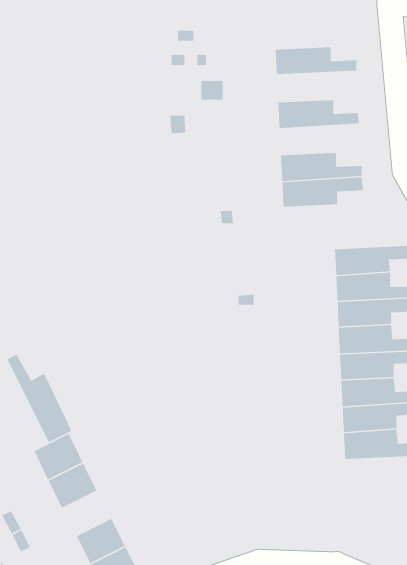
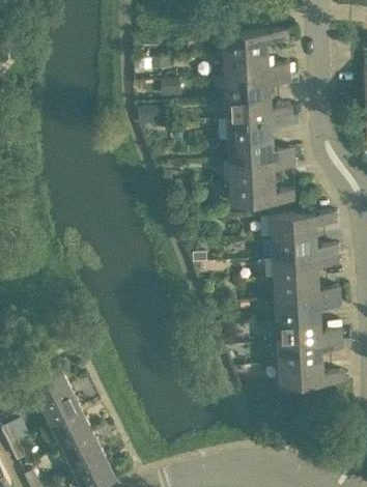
building: none -> [223,32,288,57]
building: none -> [225,75,291,99]
building: none -> [227,117,292,142]
building: none -> [230,182,297,206]
building: [6,353,72,443] -> none
building: none -> [52,412,92,449]

